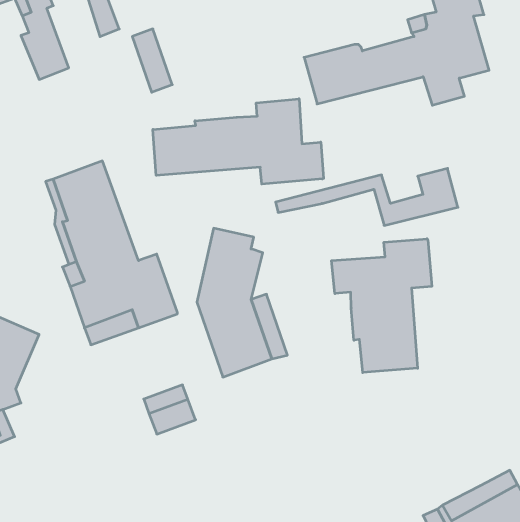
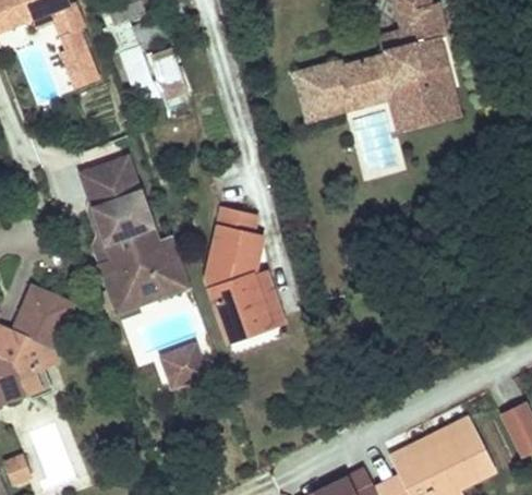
building: [153,99,324,184] -> none
building: [276,168,458,225] -> [307,81,461,129]
building: [332,239,432,373] -> none

